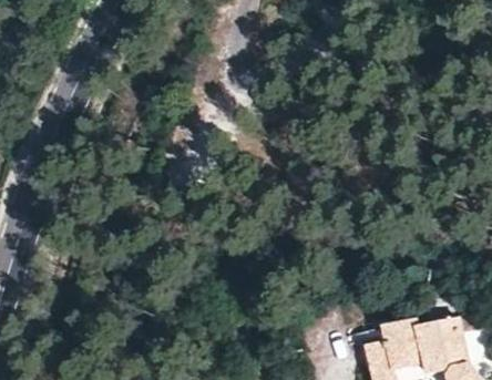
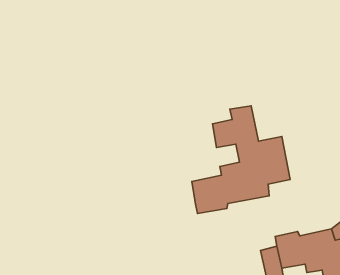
building: none -> [192,106,290,214]

